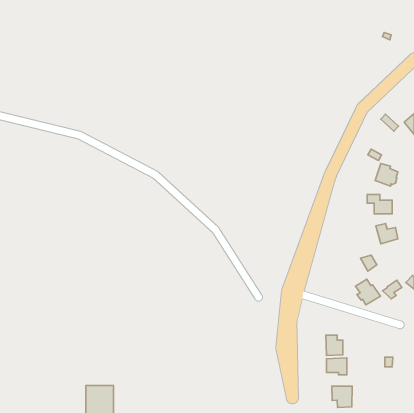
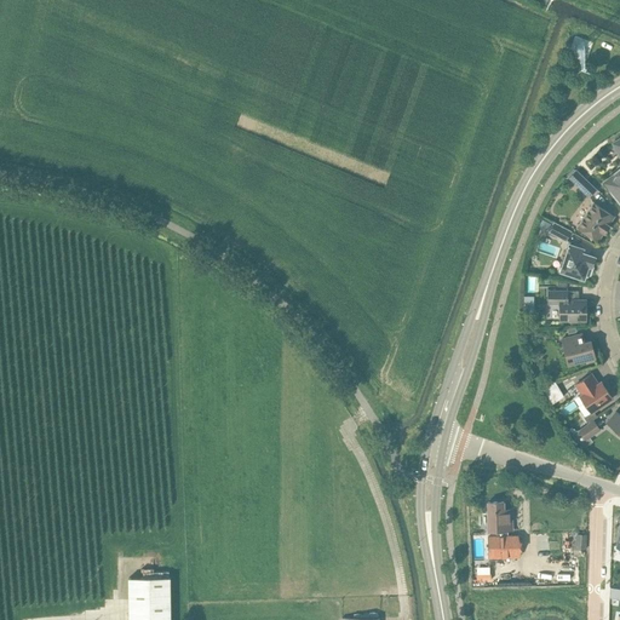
building: none -> [578,203,614,241]
building: [355,279,380,305] -> [575,374,613,413]
building: [332,386,352,408] -> none

